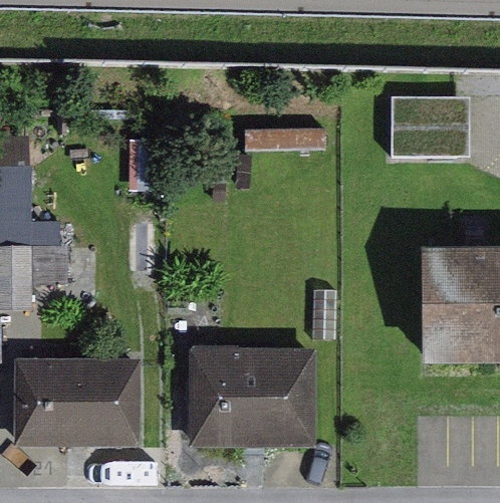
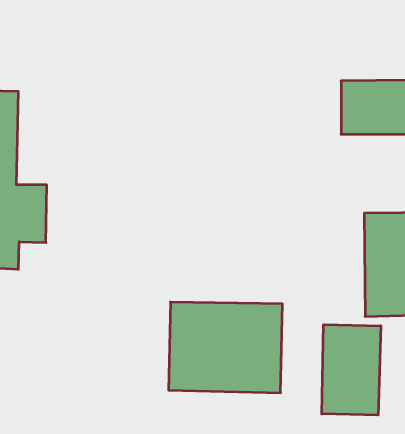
building: [17,358,145,447] -> none
building: none -> [322,325,381,415]

